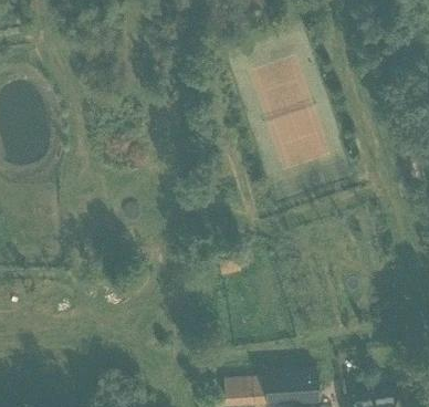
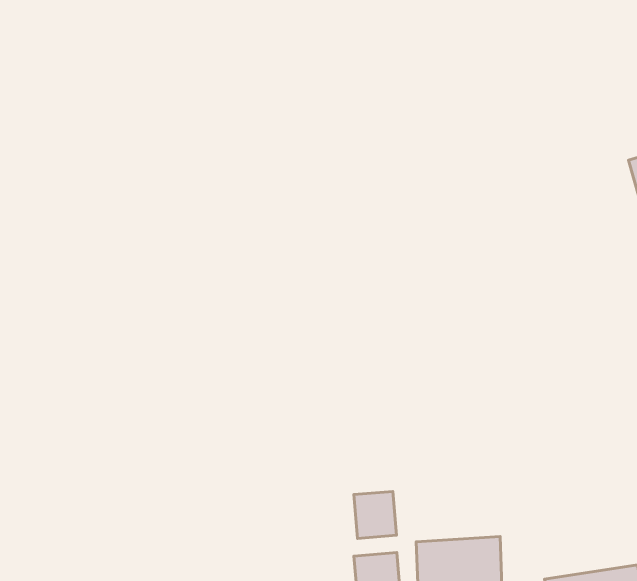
building: none -> [354,491,397,538]

